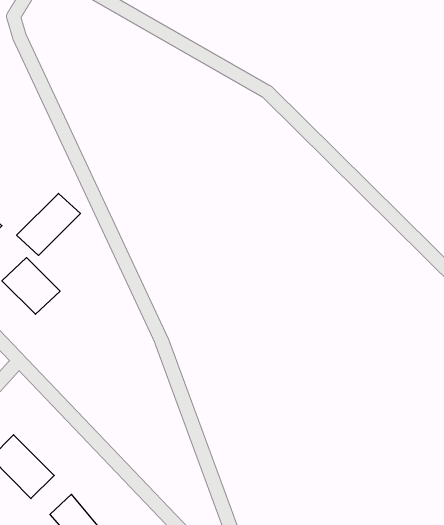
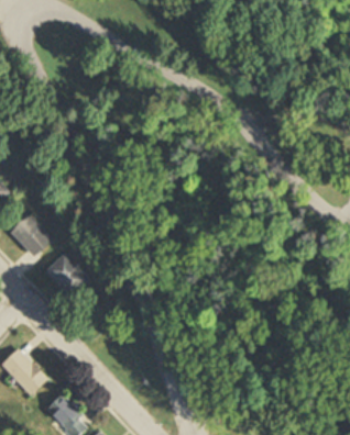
building: [17,193,80,255] -> none
building: none -> [44,254,88,298]

